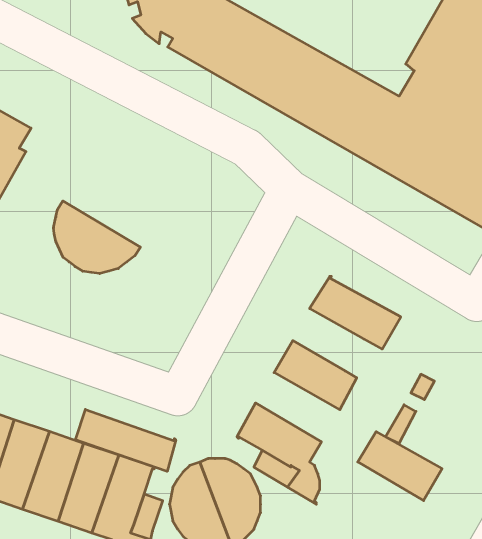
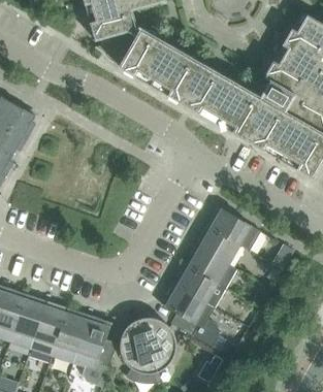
building: [54,201,140,274] -> none
building: none -> [195,226,238,264]
building: [75,409,176,471] -> none
building: [358,432,442,501] -> [172,265,224,307]

